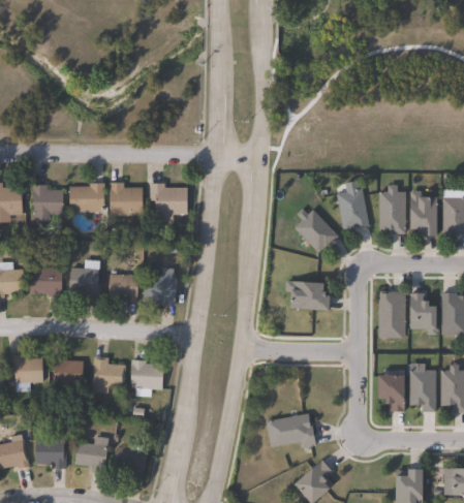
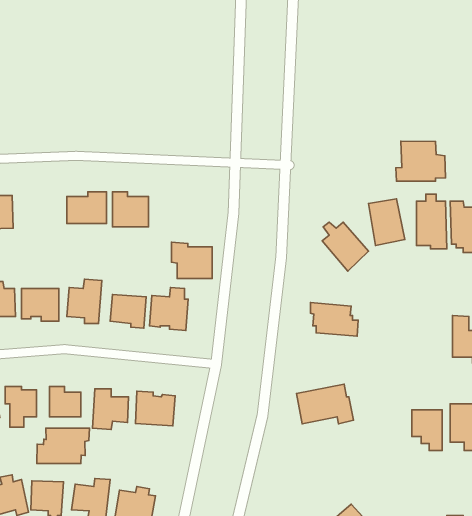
building: none -> [396,141,446,181]
building: [150,183,186,215] -> [171,242,212,278]
building: [31,185,63,214] -> none
building: [378,291,406,338] -> none
building: none -> [37,428,90,463]
building: [266,413,316,448] -> [296,384,354,424]

